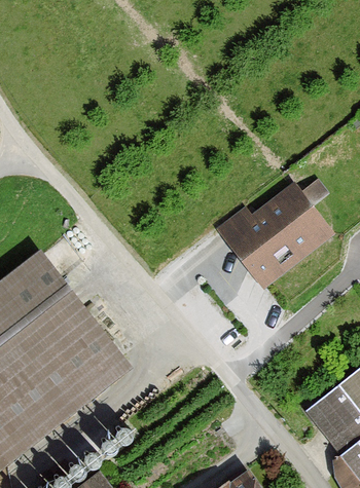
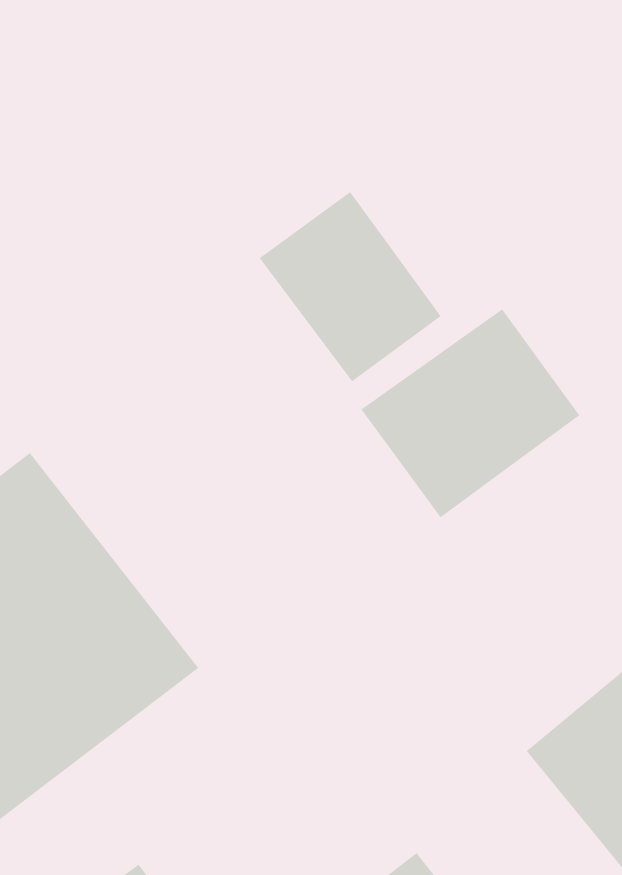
building: none -> [259,191,441,382]

